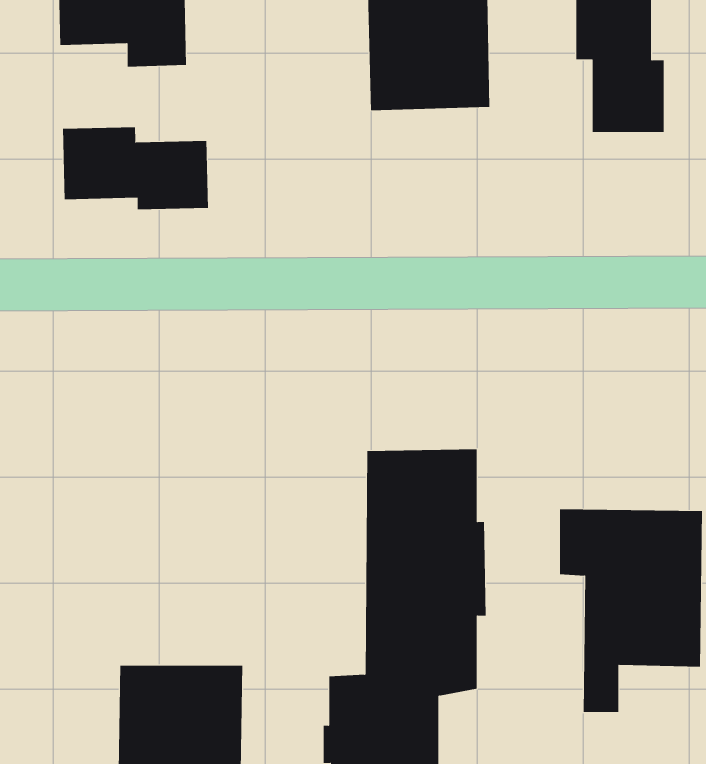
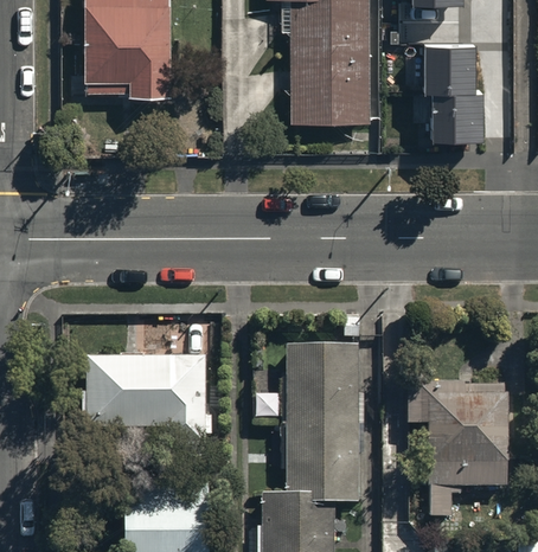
building: [62,127,208,210] -> none
building: none -> [87,355,213,444]

